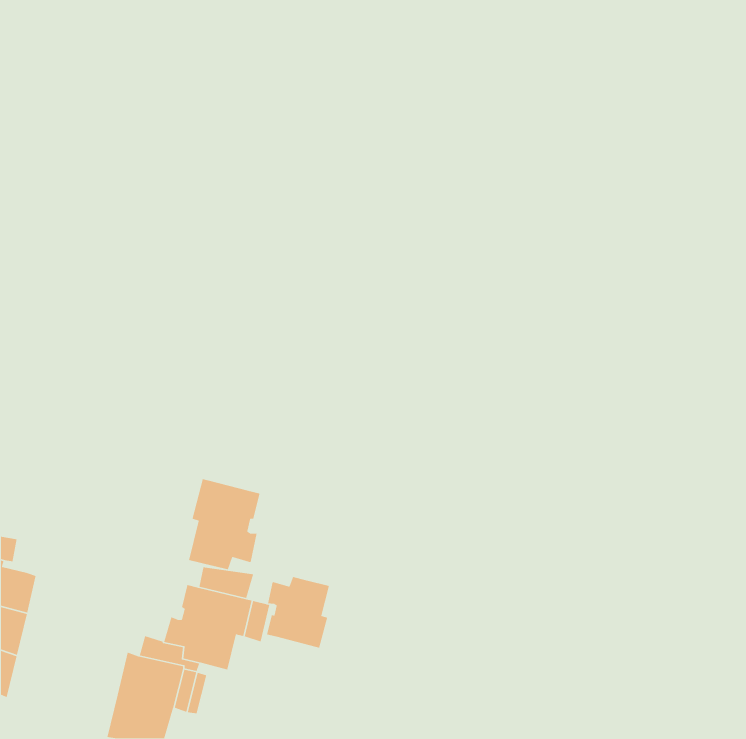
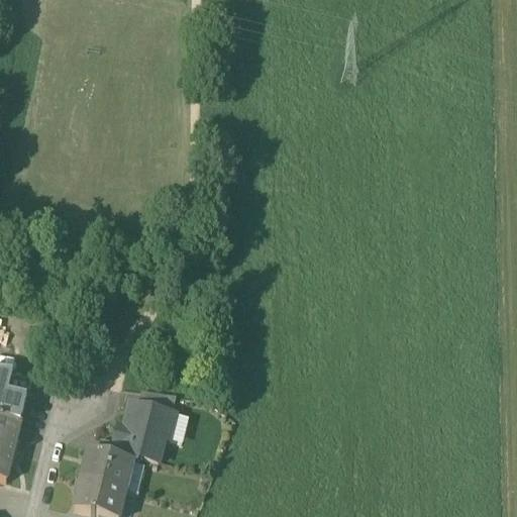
building: [188,478,260,570] -> none
building: [266,576,330,649] -> none

